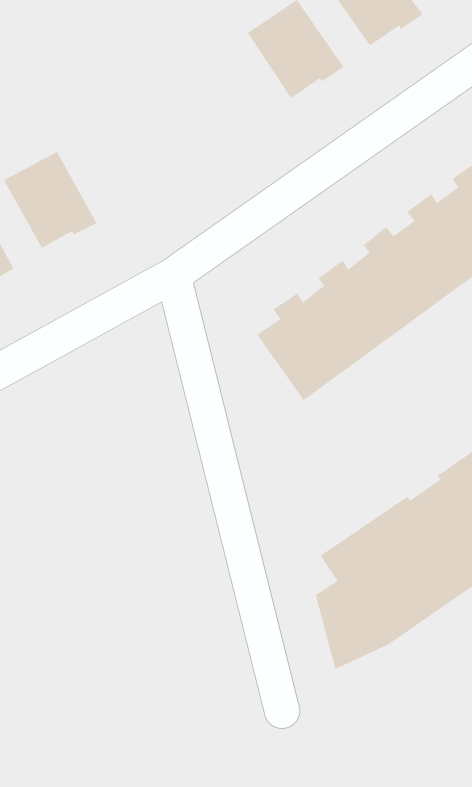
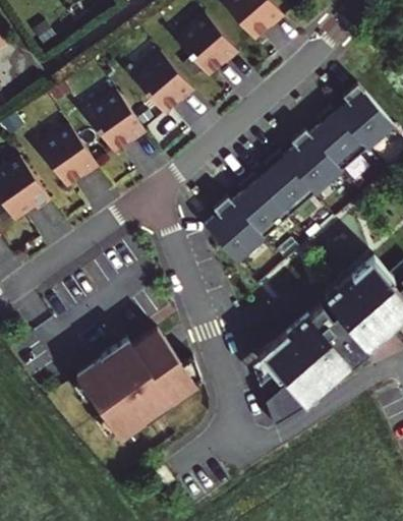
building: none -> [132,53,194,115]
building: none -> [87,92,147,153]
building: none -> [77,329,204,439]

